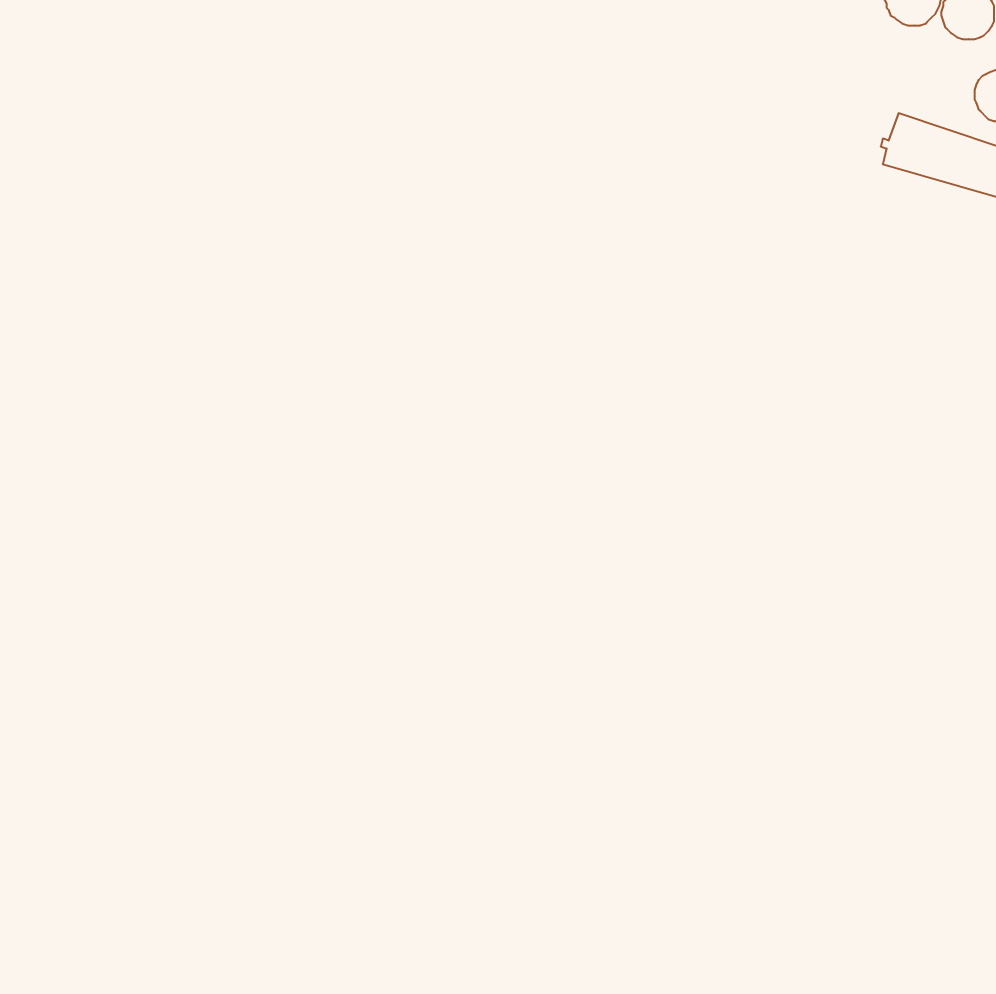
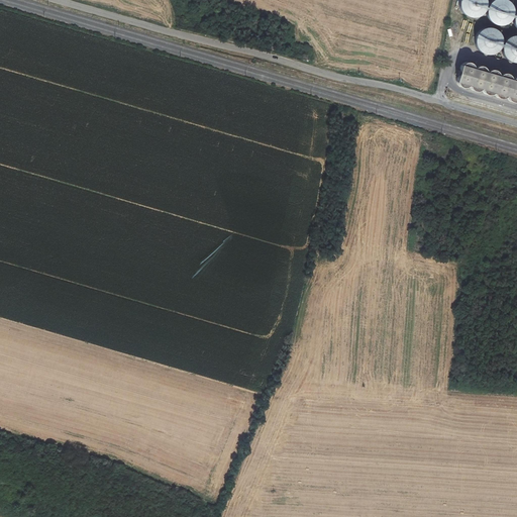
building: none -> [478,29,504,55]

